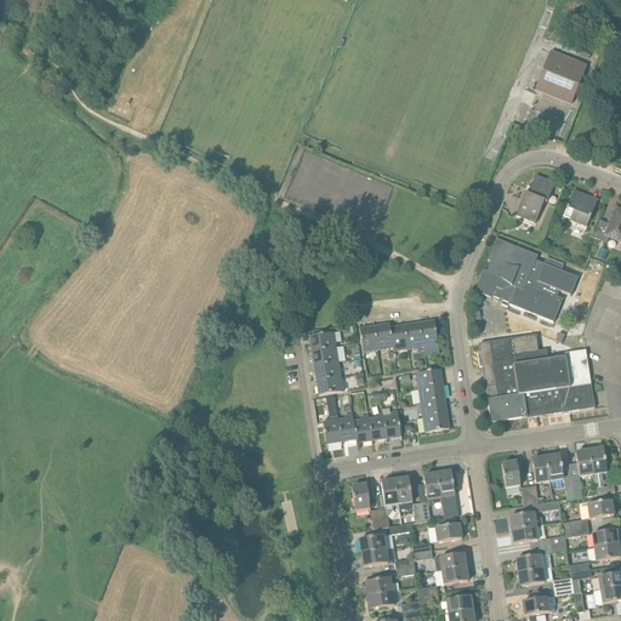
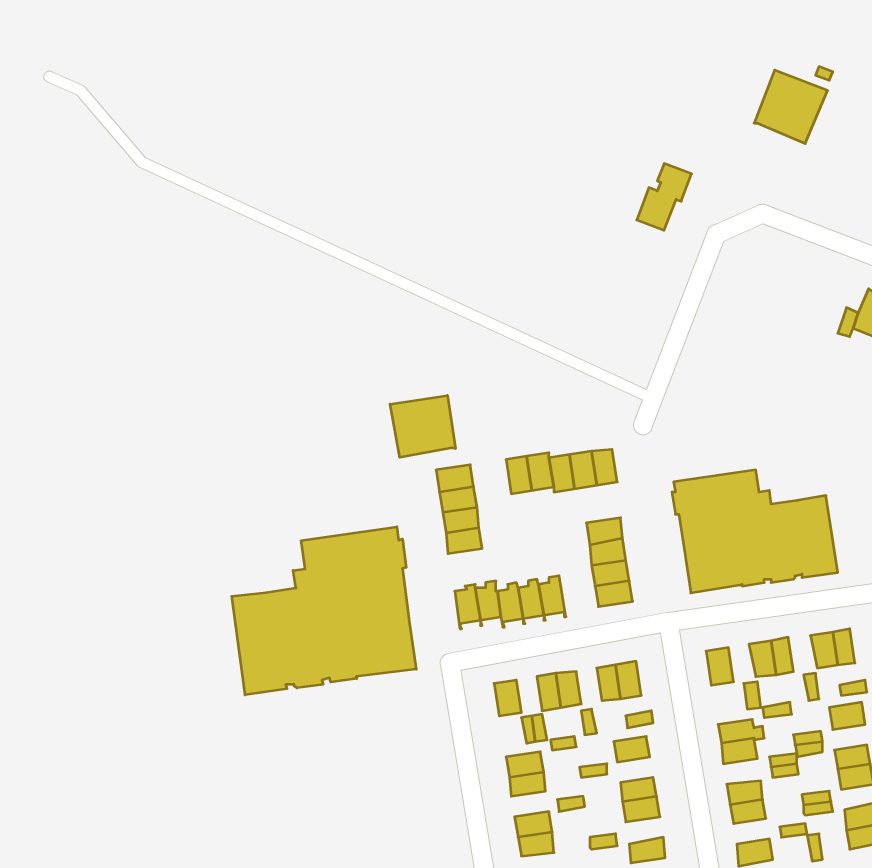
building: [517,173,556,221] -> [637,164,692,230]
building: [564,189,598,224] -> none
building: [475,237,579,320] -> none
building: none -> [390,395,455,457]
building: none -> [232,527,416,695]

